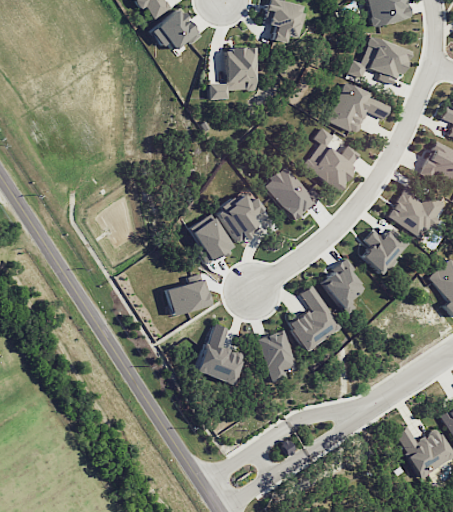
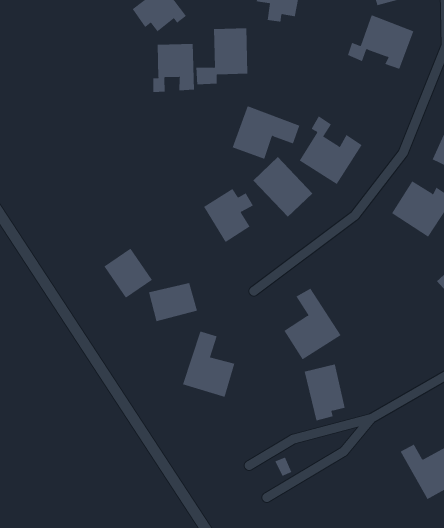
building: none -> [153,43,195,93]
building: [327,84,389,133] -> [232,106,300,159]
building: [187,217,232,263] -> [103,248,153,298]
building: [360,229,406,275] -> none
building: [319,259,364,314] -> none
building: [258,330,296,382] -> [304,364,345,421]

